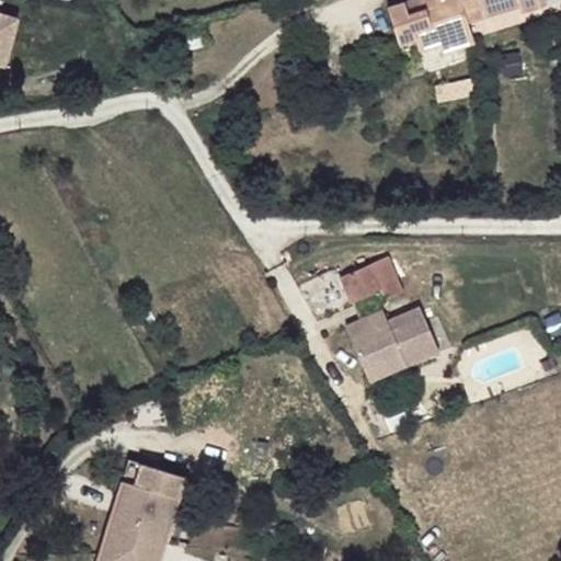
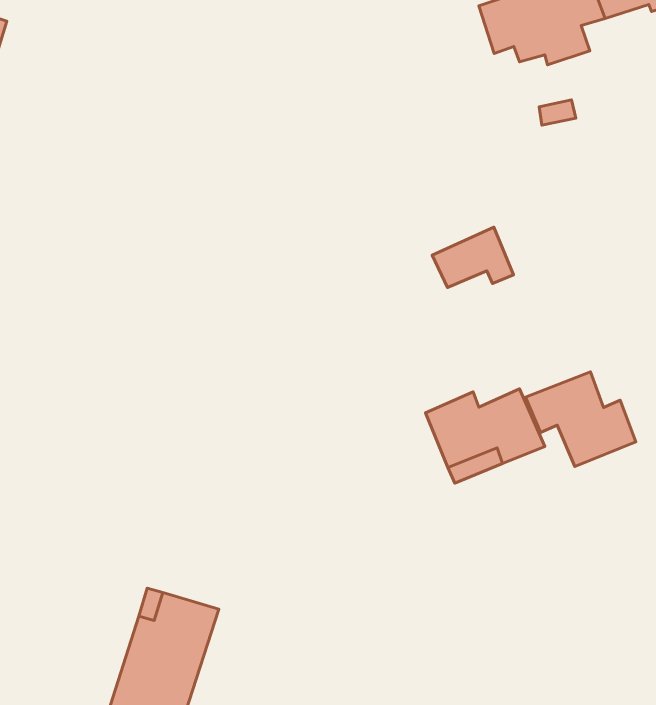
building: [340,255,403,302] -> [432,227,514,288]
building: none -> [525,372,636,467]

